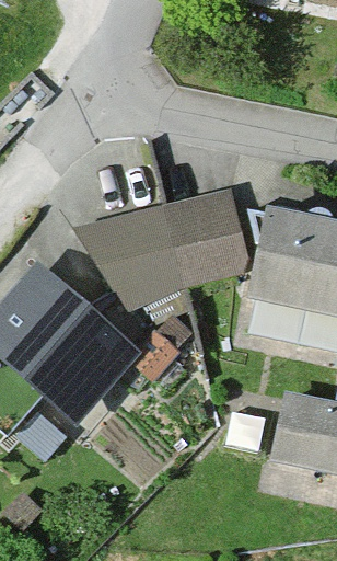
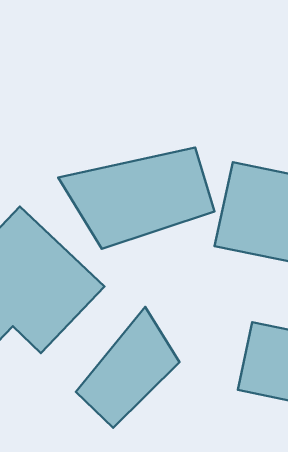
building: none -> [76,307,179,428]

